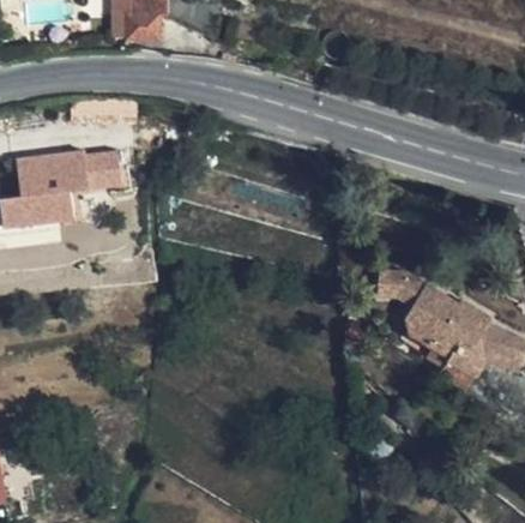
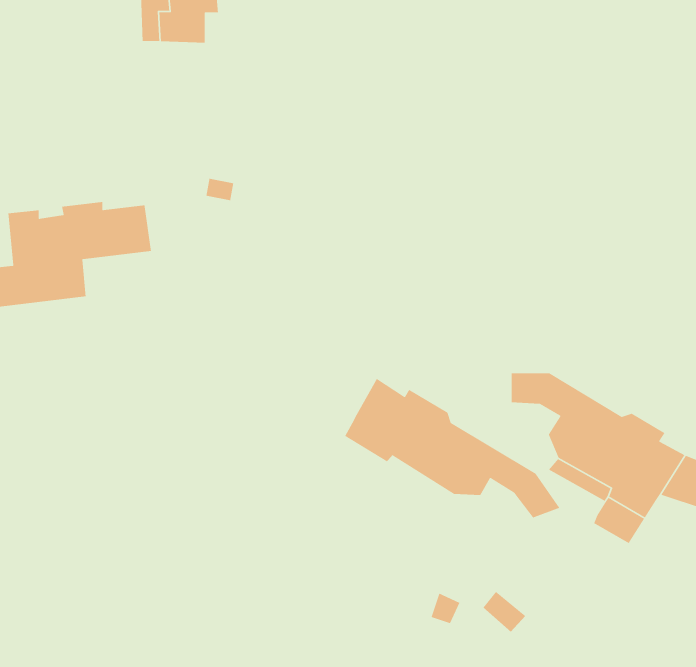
building: none -> [344,378,560,518]

